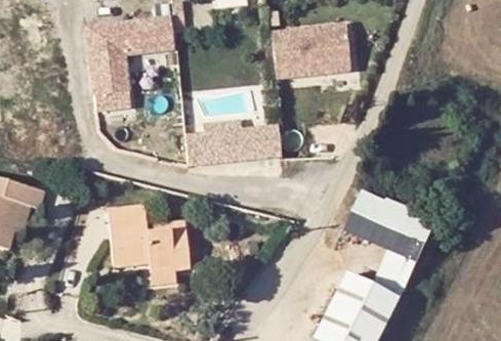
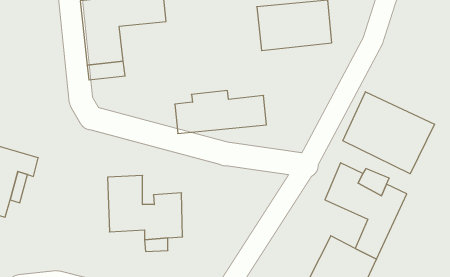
building: none -> [343,92,434,174]

